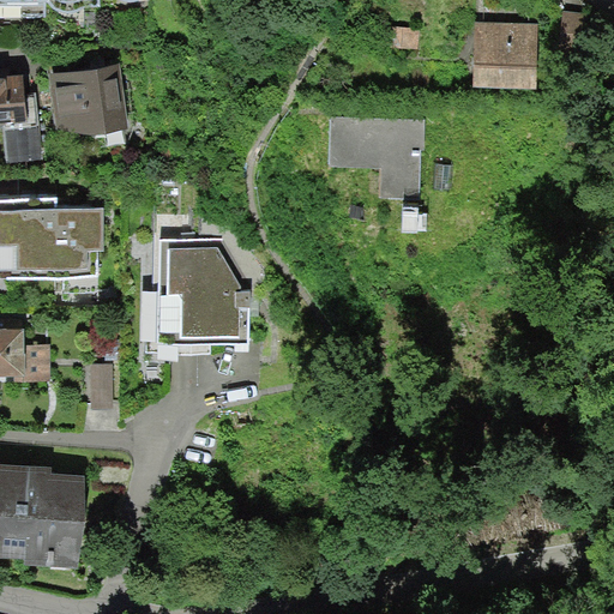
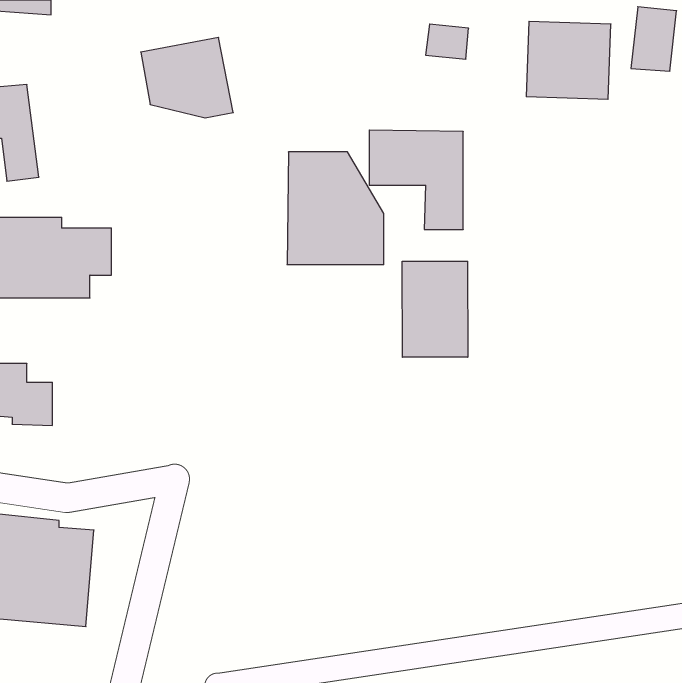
building: [44,62,127,134] -> [141,37,233,118]
building: none -> [402,261,468,357]
building: [161,242,247,343] -> [287,152,384,265]
building: [85,365,118,410] -> none

